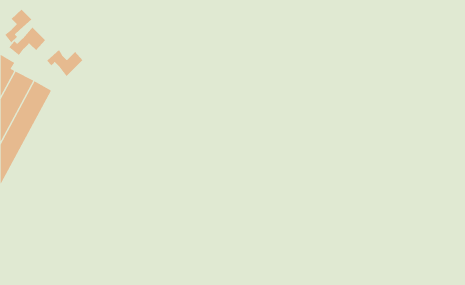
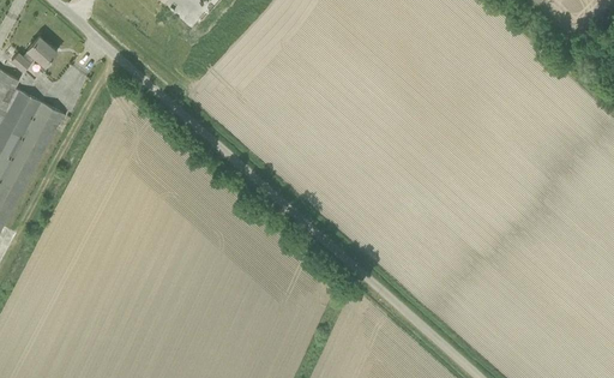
building: [4,9,32,43] -> none
building: [46,49,83,77] -> none

